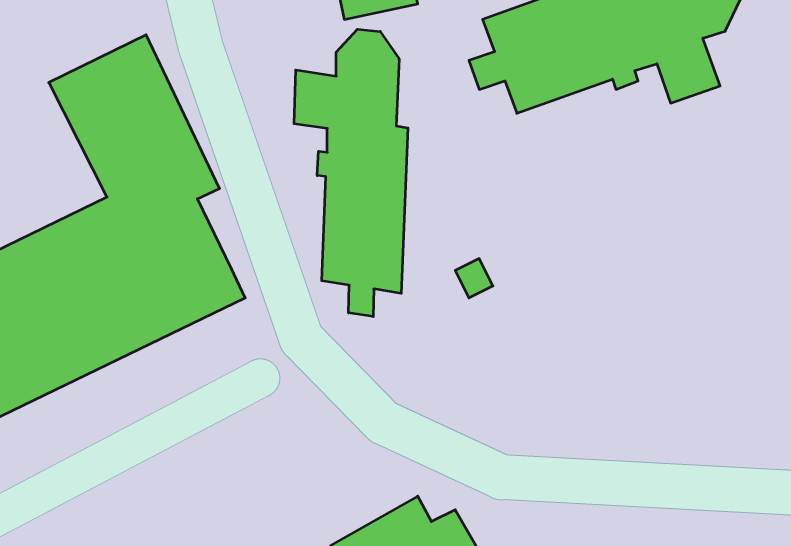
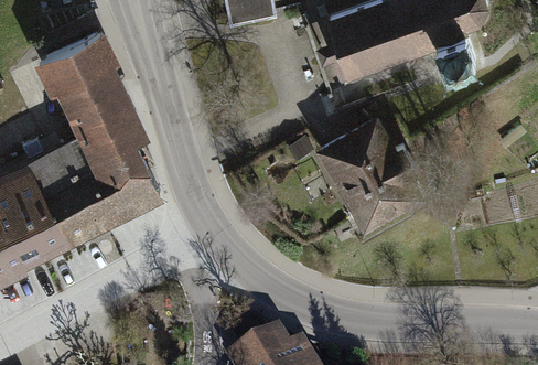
building: [294,29,408,317] -> none
building: none -> [312,115,419,229]

